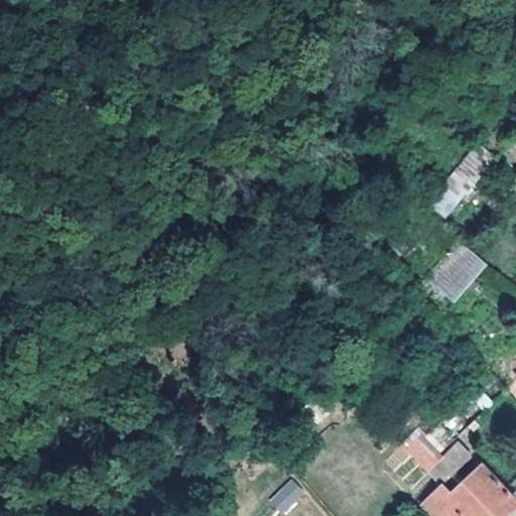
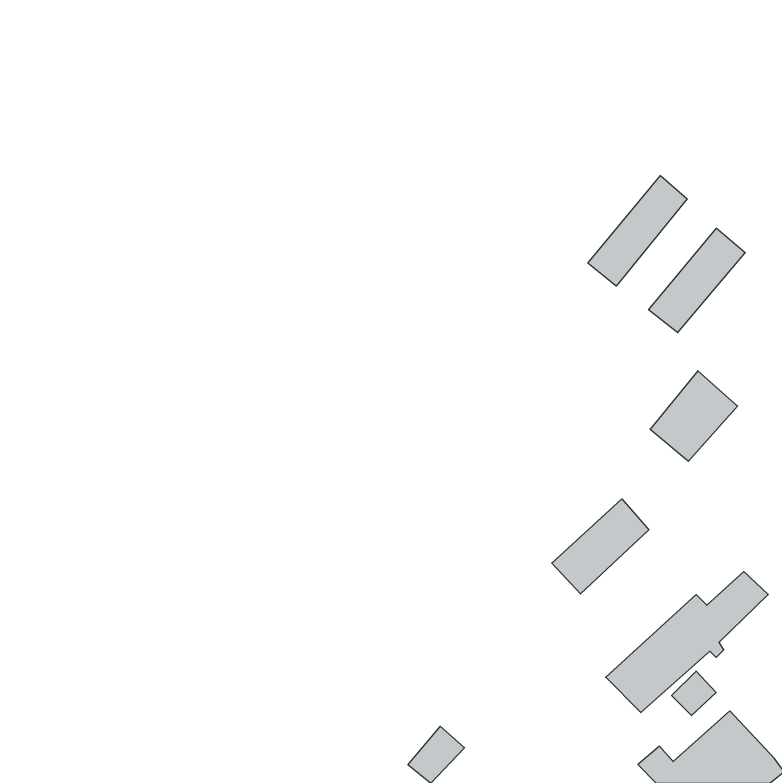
building: none -> [588,176,687,286]
building: none -> [552,499,649,594]

